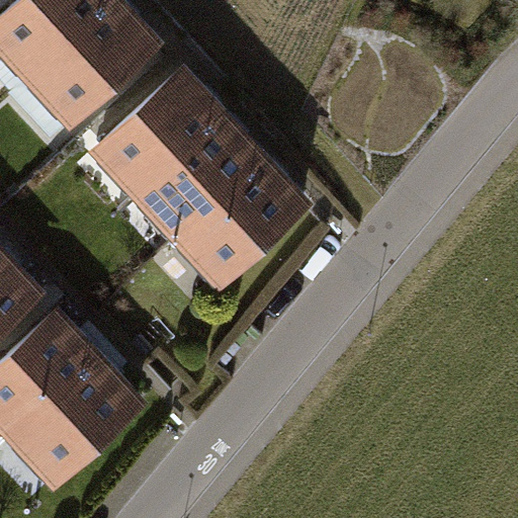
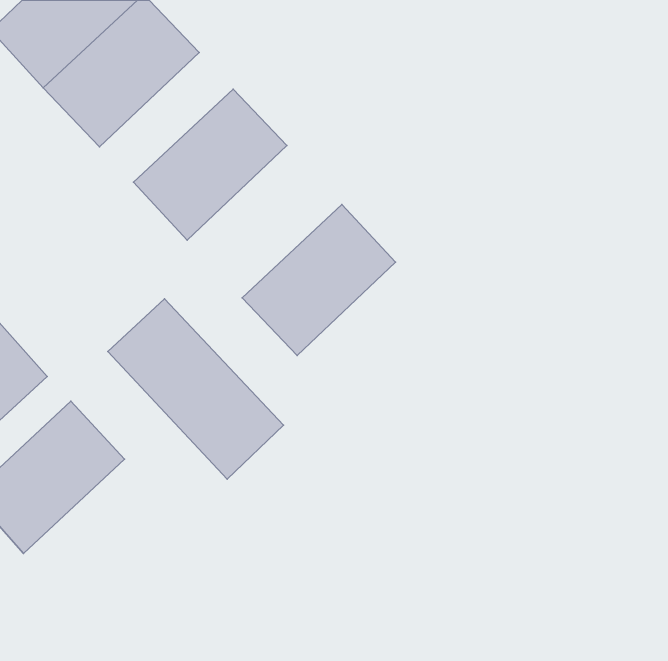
building: [145,119,264,237] -> none
building: none -> [108,299,284,479]
building: [18,361,138,479] -> none

